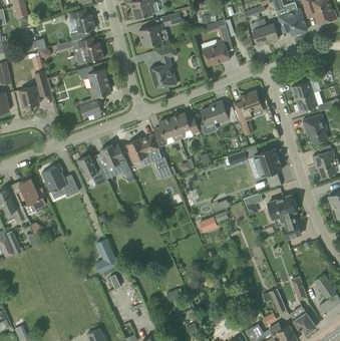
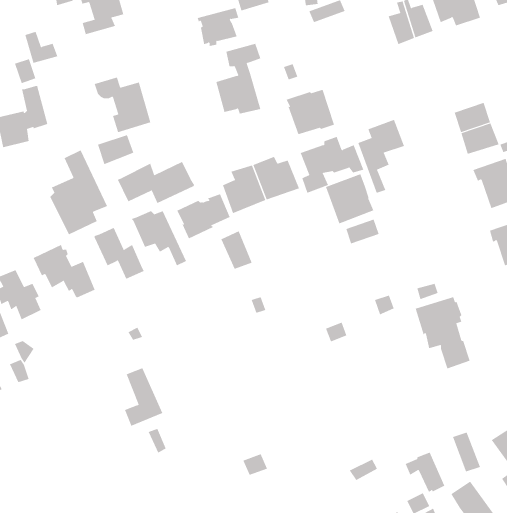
building: [75,36,103,62] -> none
building: [201,38,230,65] -> [286,89,335,135]
building: none -> [49,149,108,235]
building: none -> [117,161,195,204]
building: [254,146,283,177] -> [325,173,374,224]

